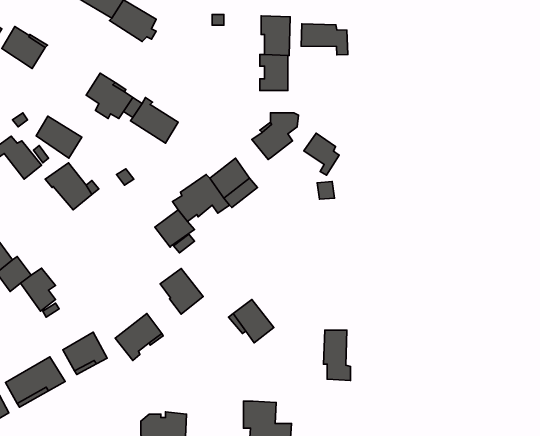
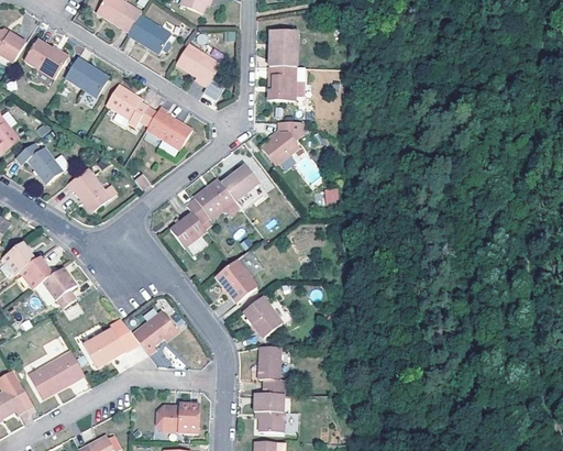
building: [301,24,348,55] -> none
building: none -> [175,44,220,87]
building: [36,116,82,158] -> [66,58,109,98]
building: [304,133,339,175] -> none
building: [160,269,203,314] -> [217,260,257,302]
building: [324,330,350,380] -> [258,346,284,394]

